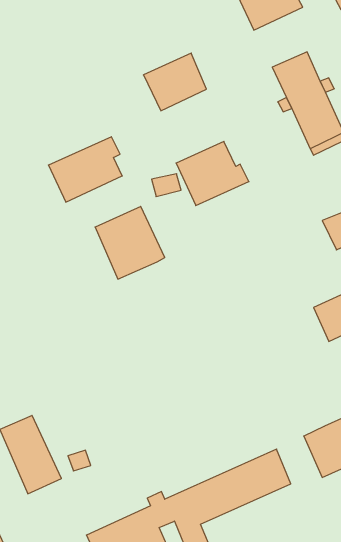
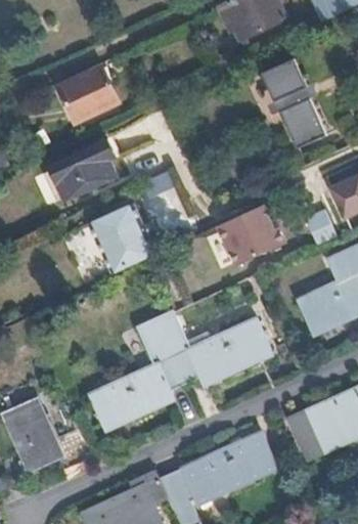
building: [143,53,206,111] -> [59,67,119,121]
building: [176,141,249,206] -> [219,204,287,264]
building: none -> [89,309,271,424]

